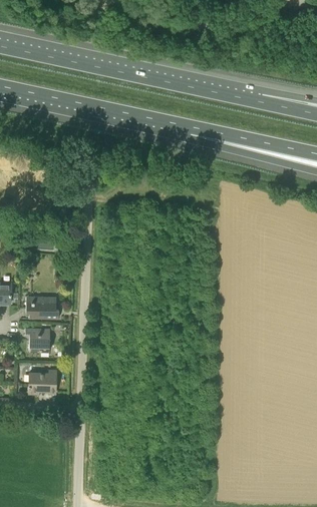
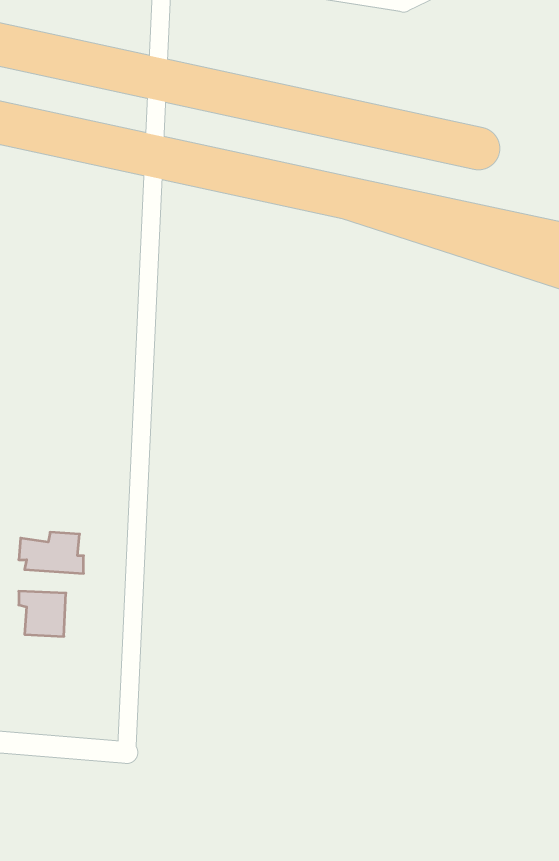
building: [28,370,56,393] -> none

